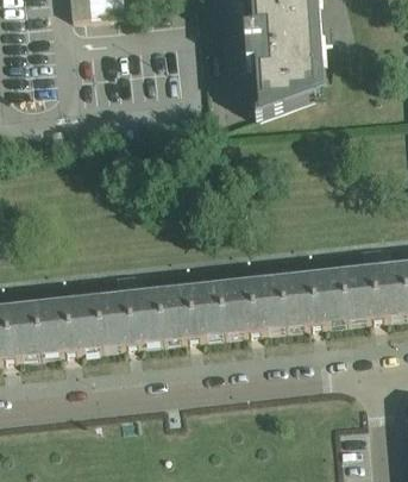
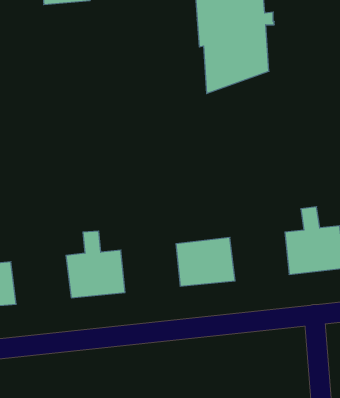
building: [281,274,347,328] -> none
building: [158,287,225,342] -> none
building: [34,300,102,355] -> none

